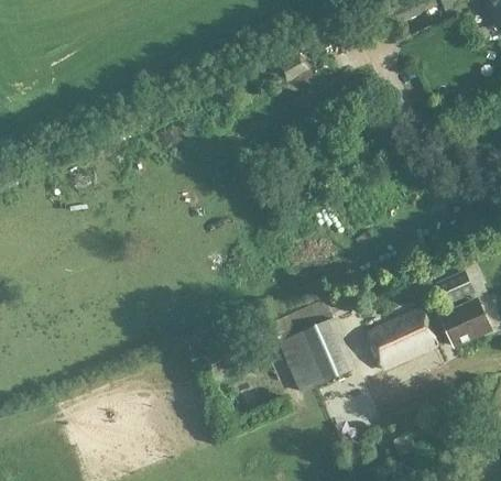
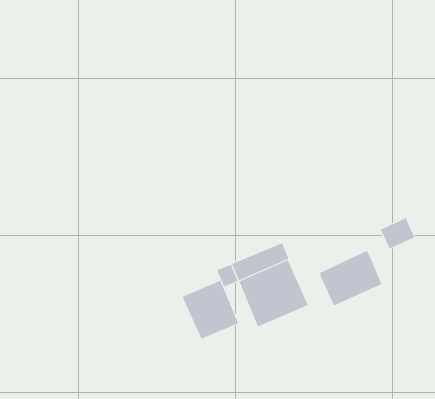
building: [427,302,490,346] -> none
building: none -> [182,280,239,339]

